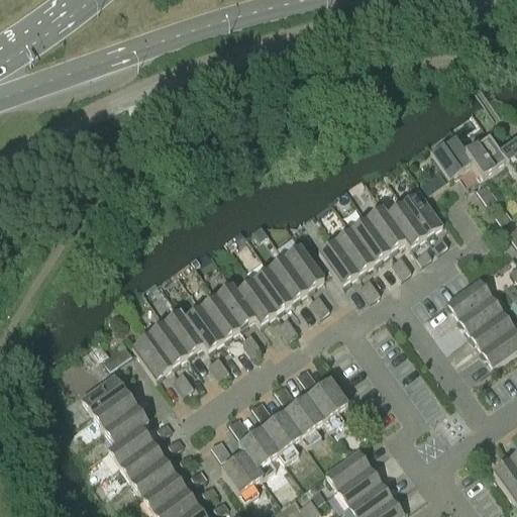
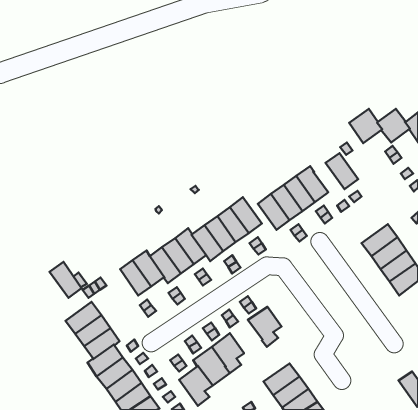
building: [387,201,425,245] -> none
building: [131,332,171,377] -> [50,262,82,298]
building: [284,395,324,444] -> none

